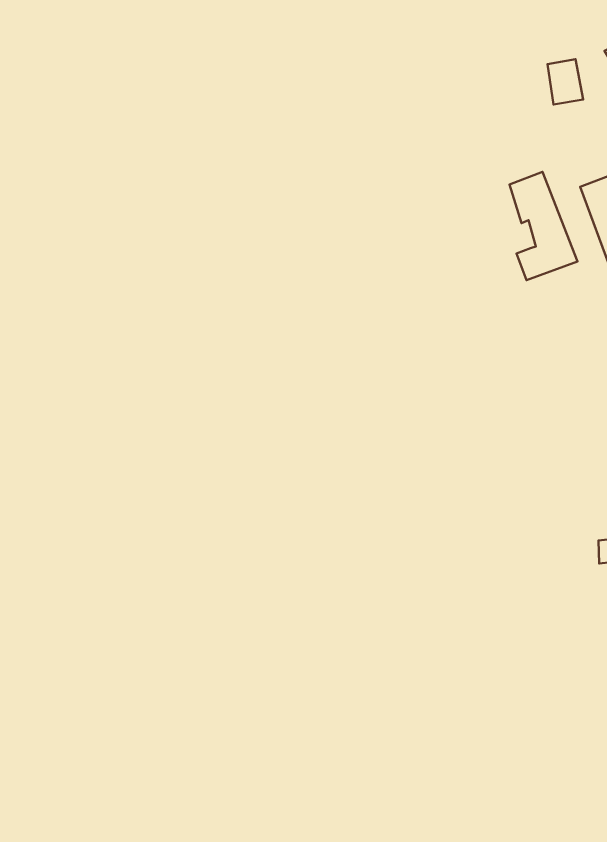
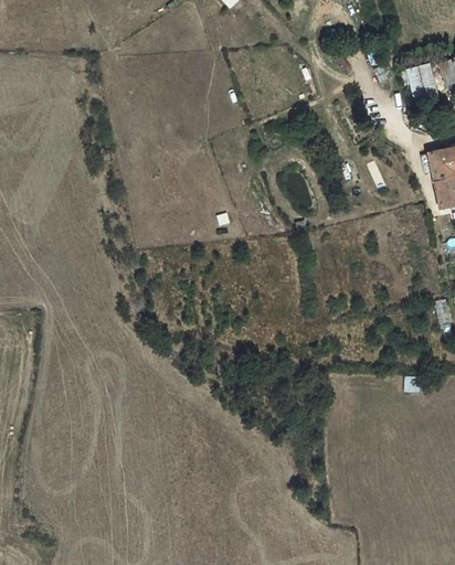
building: [510,172,577,280] -> none

